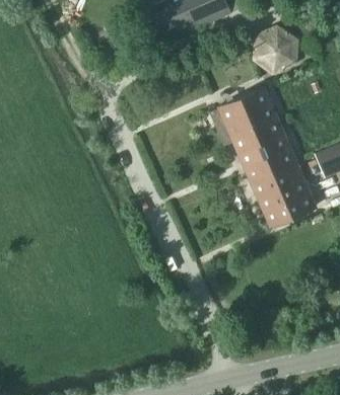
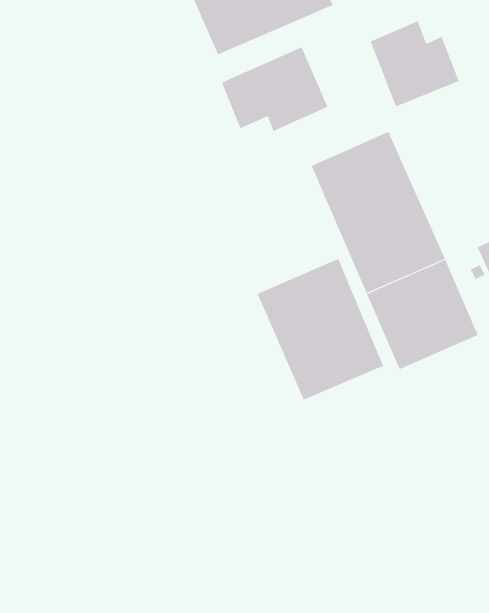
building: none -> [221,47,328,132]
building: none -> [257,258,384,400]

